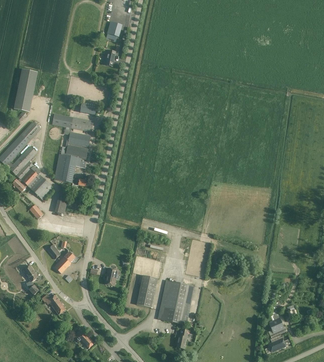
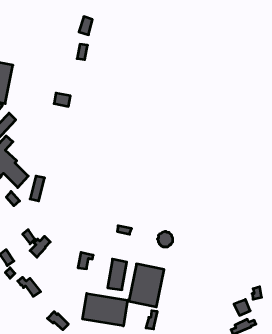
building: [52,113,94,186] -> none
building: none -> [83,293,128,326]

